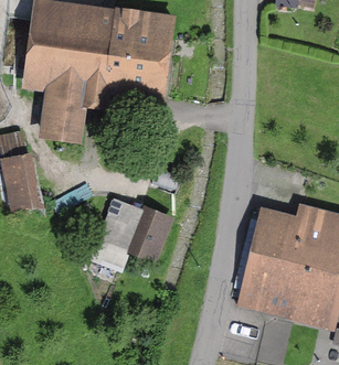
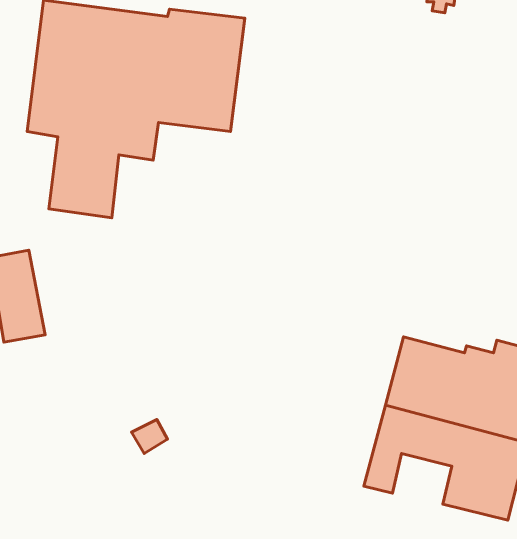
building: [110,203,165,262] -> none

